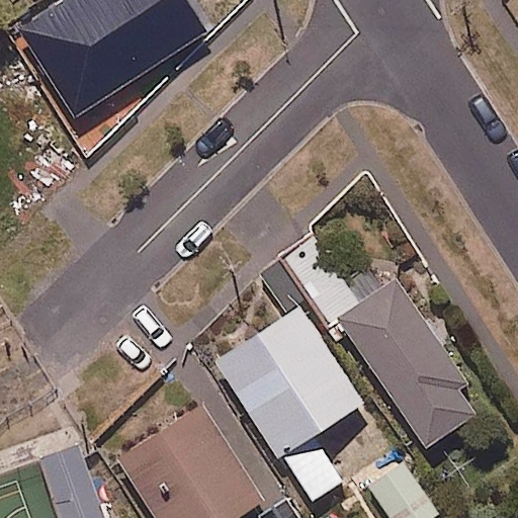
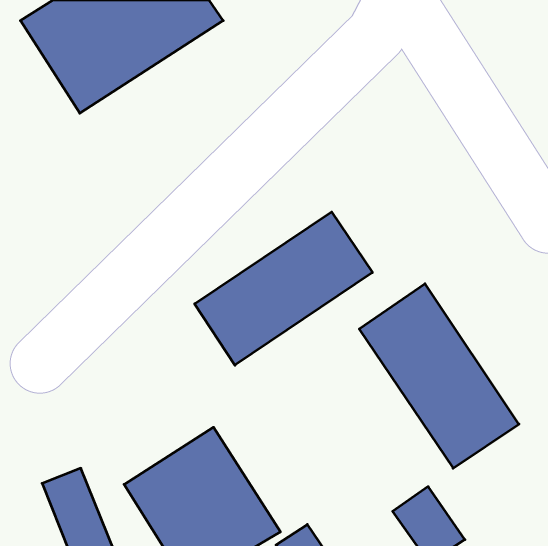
building: none -> [195,212,372,365]
building: [214,309,360,509] -> none

